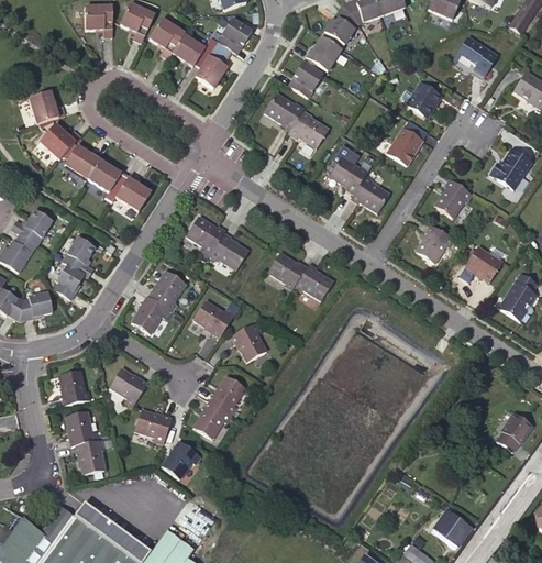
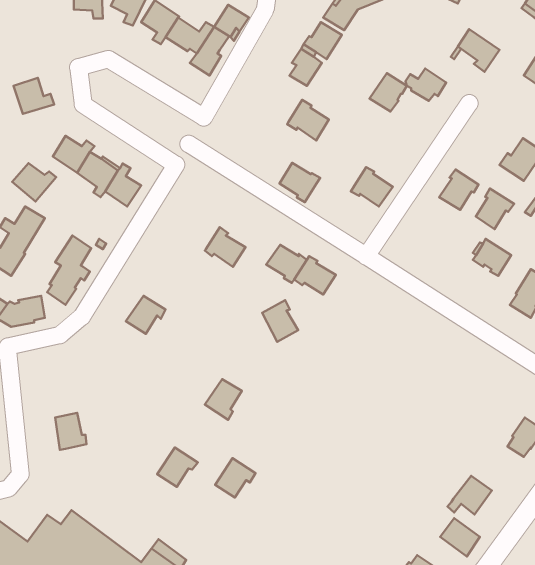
building: [264,93,303,132] -> none
building: [41,123,82,159] -> [12,163,56,202]
building: [387,128,422,164] -> [370,73,407,111]
building: [328,155,366,192] -> [279,163,320,202]
building: [187,216,225,253] -> none
building: [416,222,452,261] -> [476,189,514,229]
building: [152,272,187,310] -> none
building: [195,301,234,336] -> none
building: [232,321,266,361] -> [262,300,298,342]
building: [111,366,148,405] -> none
building: [62,367,92,402] -> none
building: [193,400,232,438] -> [215,458,256,498]
building: [136,410,172,443] -> none
building: [78,437,106,472] -> none
building: none -> [448,476,492,514]

